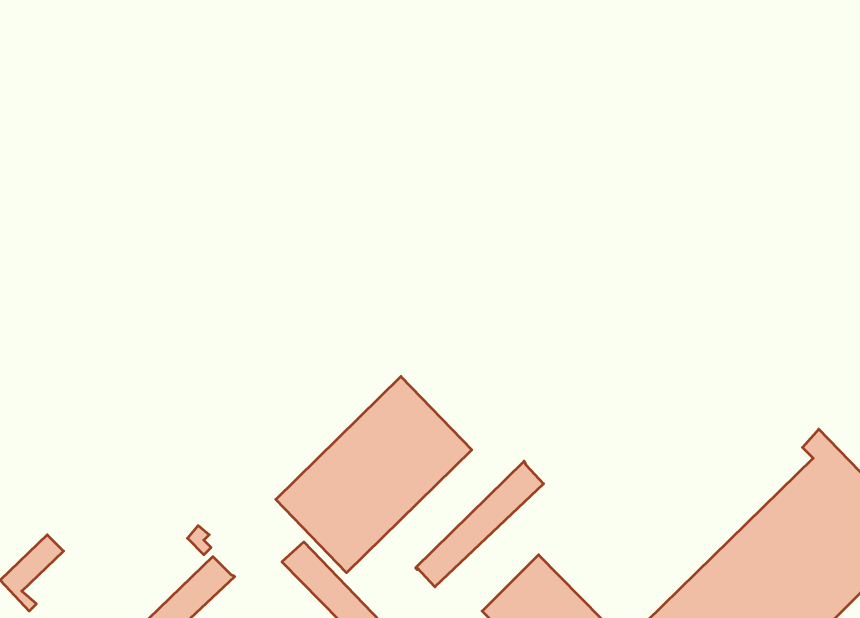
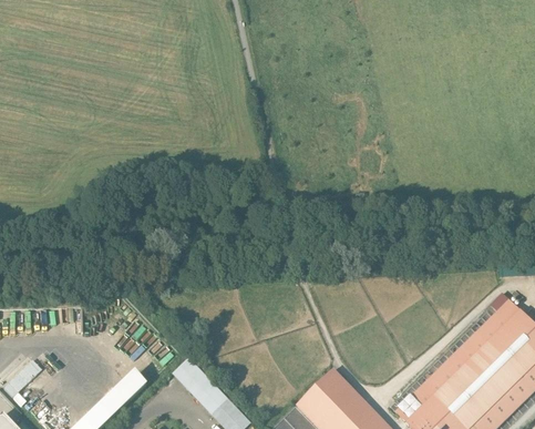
building: [276,376,472,573] -> none
building: [416,461,544,587] -> none

